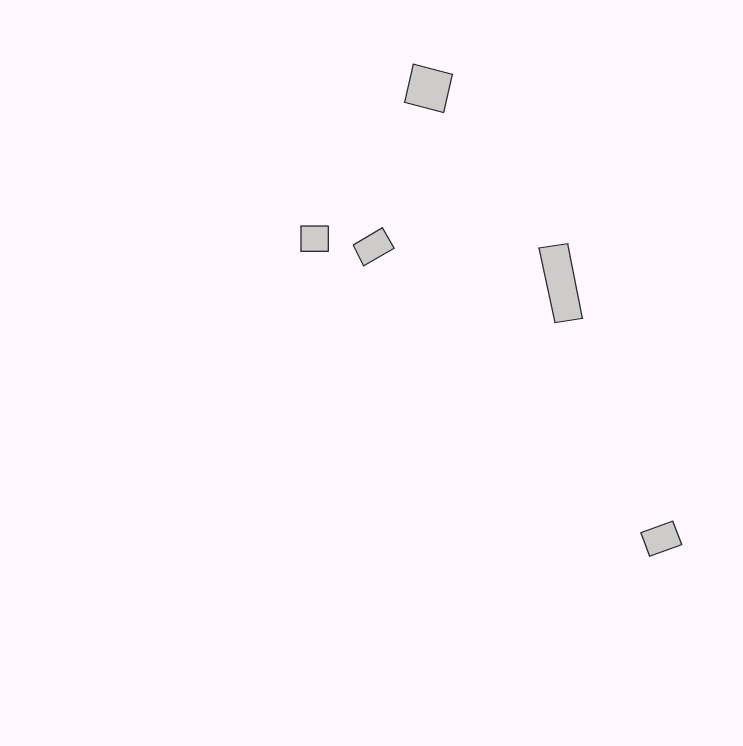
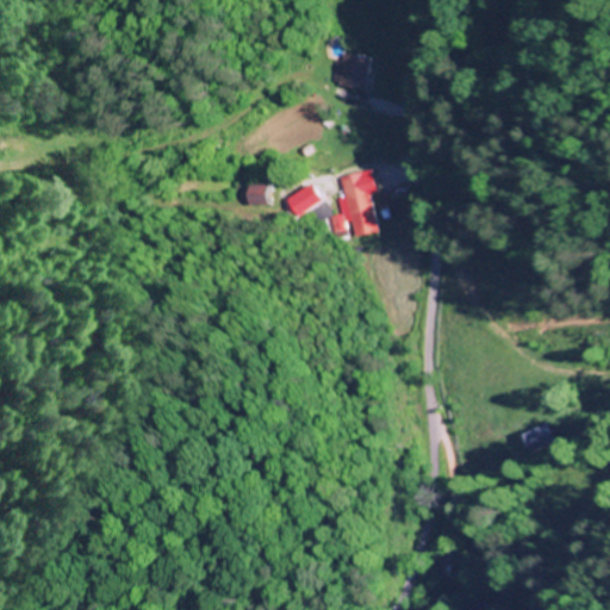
building: [539,244,583,323] -> [338,173,374,237]

